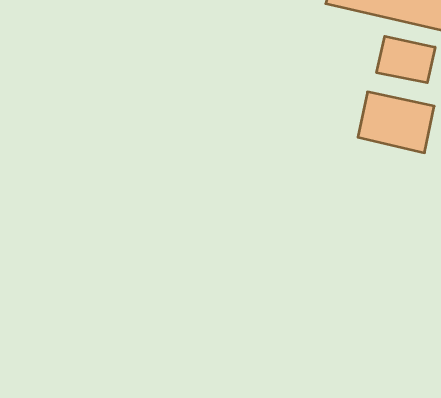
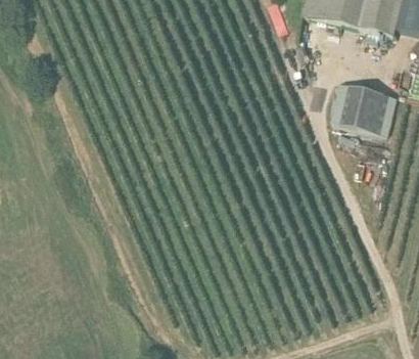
building: [377,36,435,83] -> none

